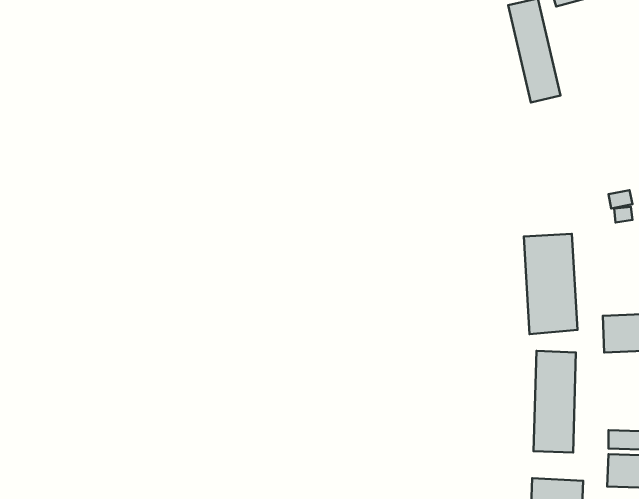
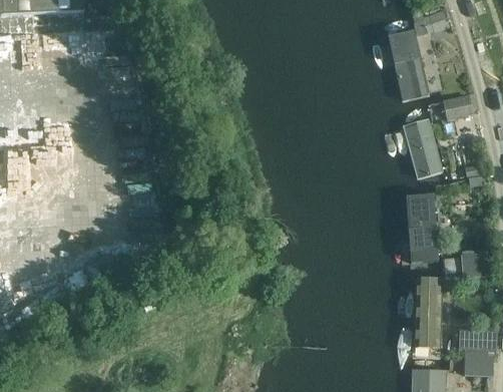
building: none -> [440,93,470,118]
building: none -> [402,114,443,181]

